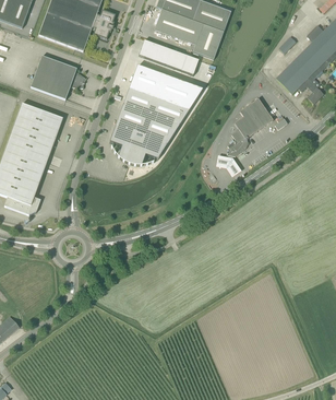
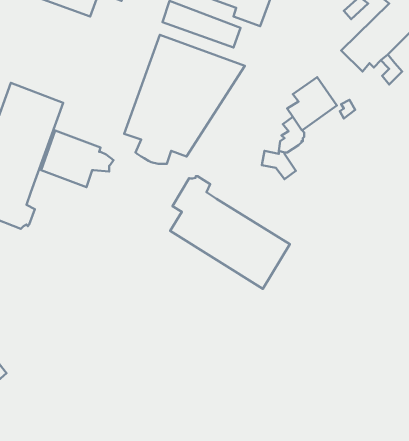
building: [31,55,86,98] -> [41,130,113,187]
building: none -> [170,176,290,289]

